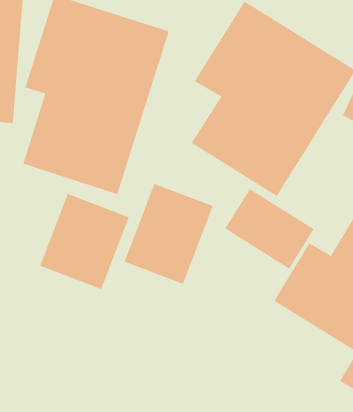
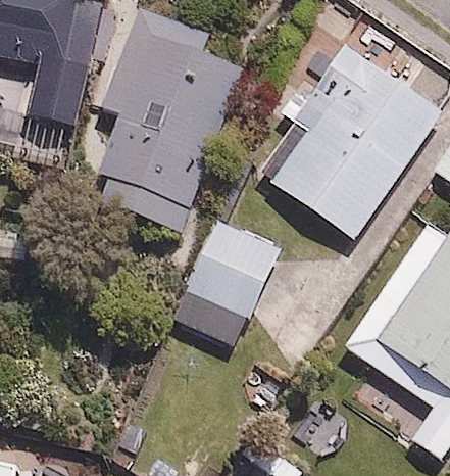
building: [224,188,314,269] -> none
building: [40,193,129,290] -> none

